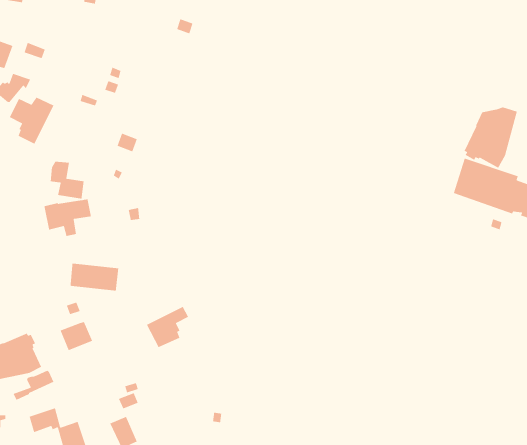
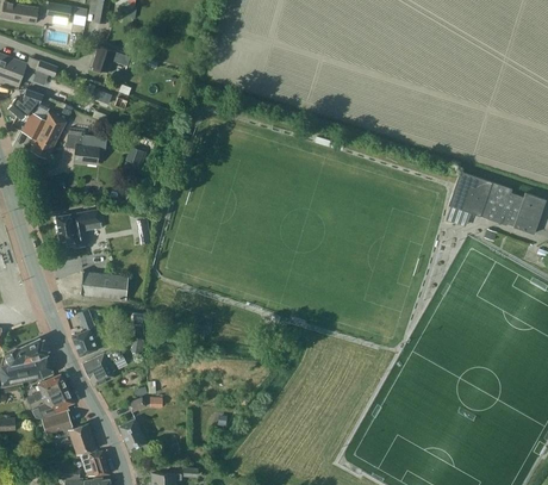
building: none -> [92,45,130,73]
building: [464,106,518,169] -> none
building: [50,161,85,199] -> [66,128,99,164]
building: [146,306,189,348] -> [81,346,123,386]
building: none -> [31,386,73,418]

